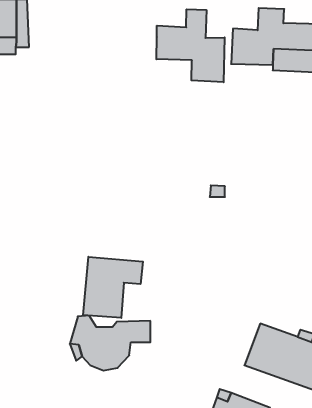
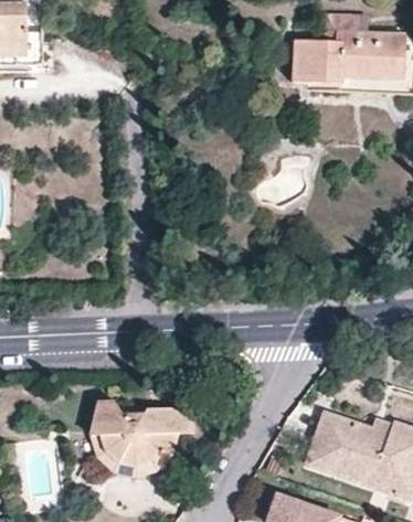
building: [156,9,225,82] -> none
building: [83,257,143,318] -> none

